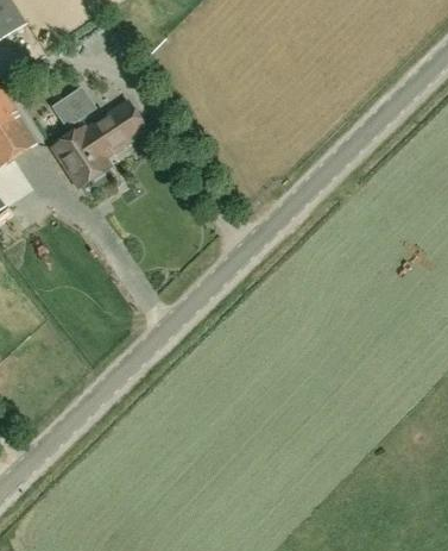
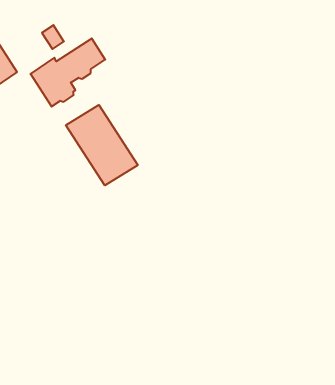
building: none -> [66,105,138,185]

